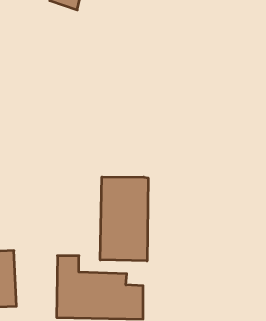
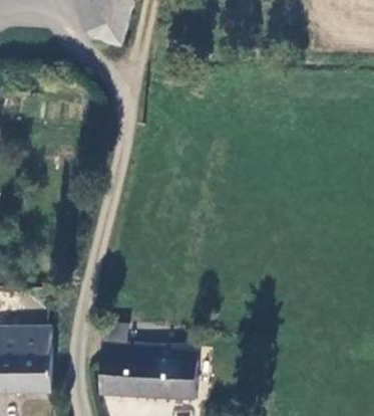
building: [100,177,148,261] -> none

